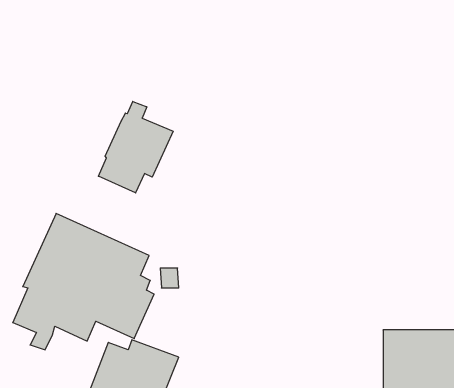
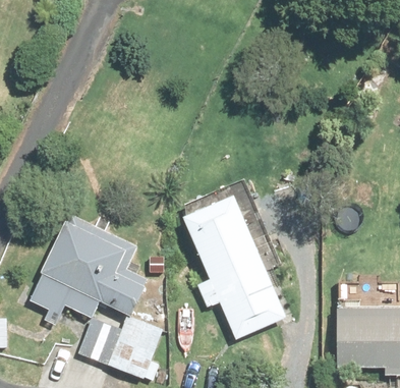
building: [98,101,173,193] -> none
building: none -> [182,193,285,338]

